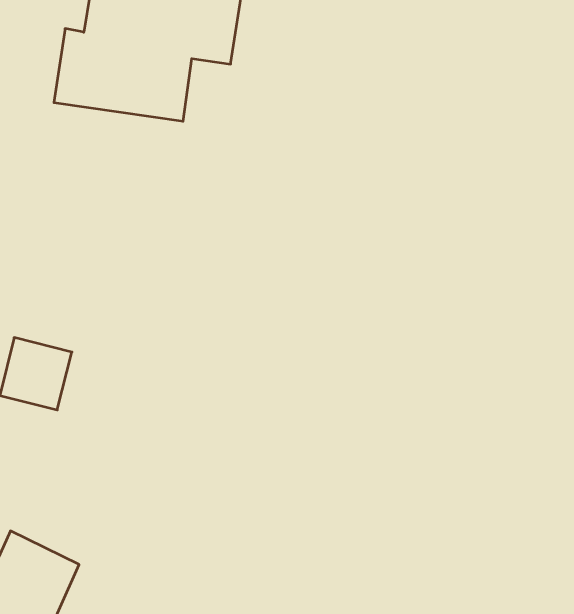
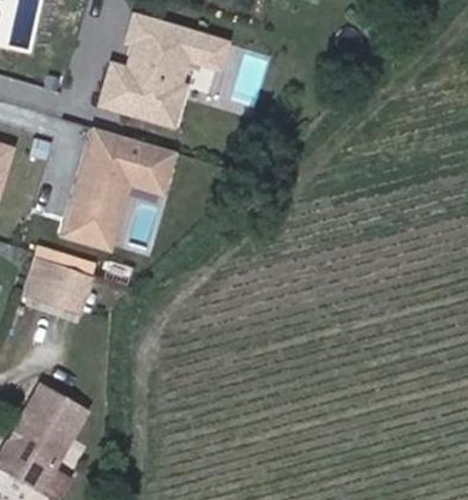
building: none -> [68,128,178,241]

